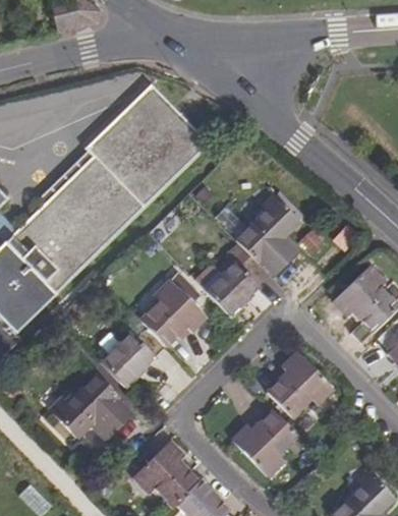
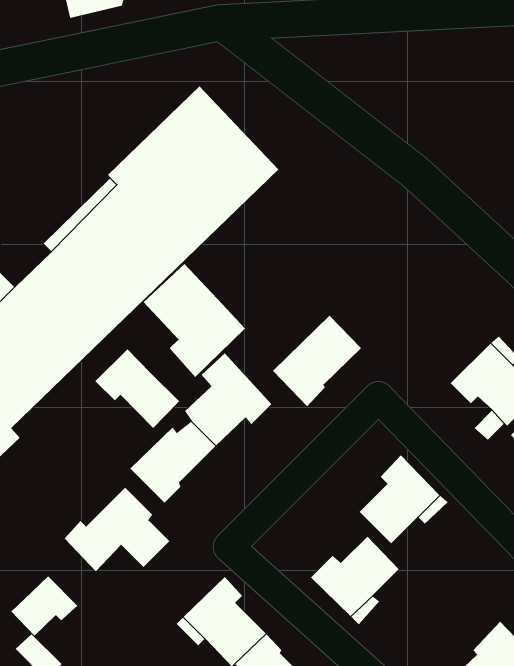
building: [239,195,297,275] -> none
building: none -> [143,263,246,378]
building: none -> [94,348,180,429]
building: none -> [11,576,78,636]

